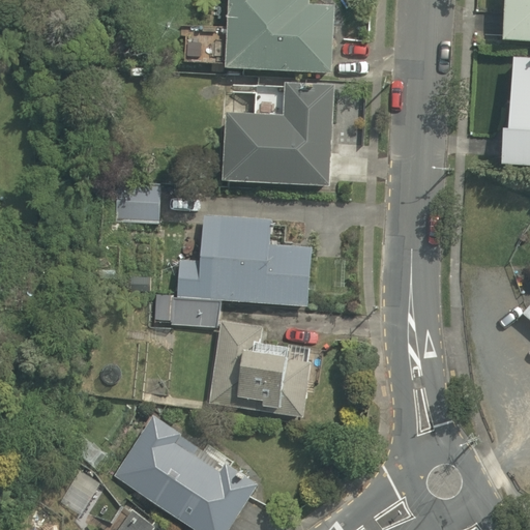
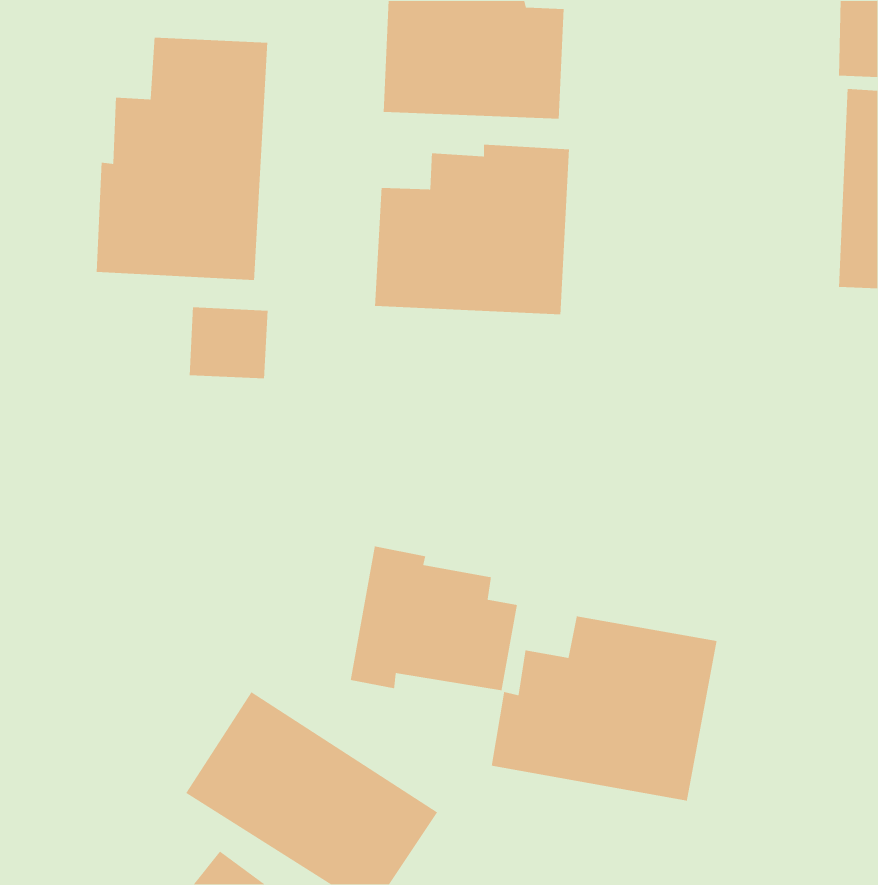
building: none -> [96,37,268,281]
building: [148,216,310,326] -> none
building: none -> [491,616,718,801]

